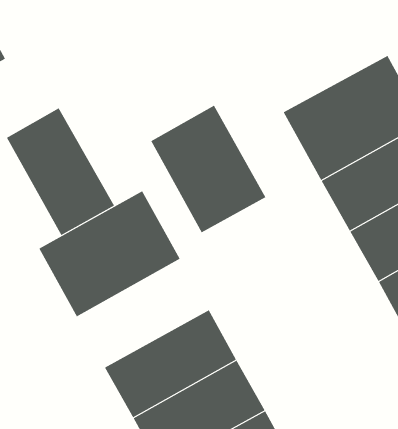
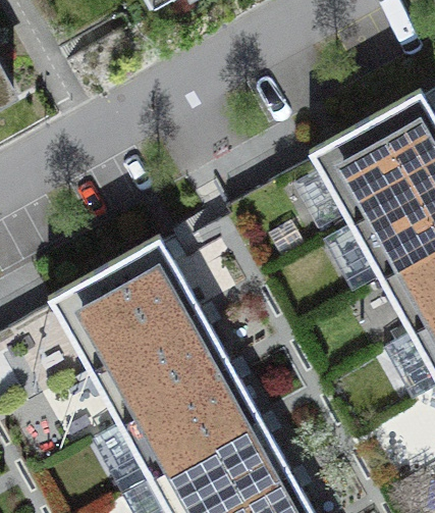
building: [150,105,266,233] -> none
building: [6,108,115,236] -> none
building: none -> [91,309,232,425]

